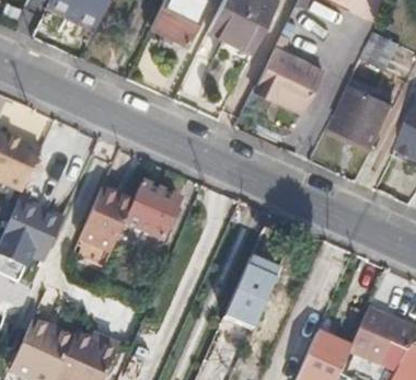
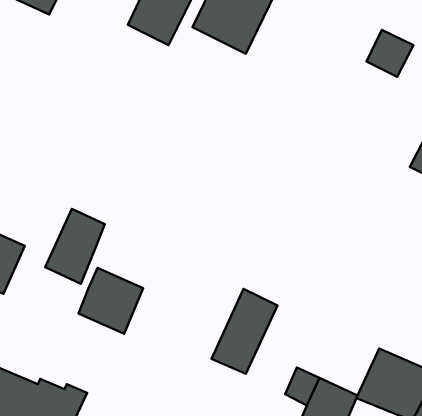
building: [255,47,324,114] -> none
building: [334,91,390,147] -> none
building: [123,182,178,239] -> [78,268,143,334]

